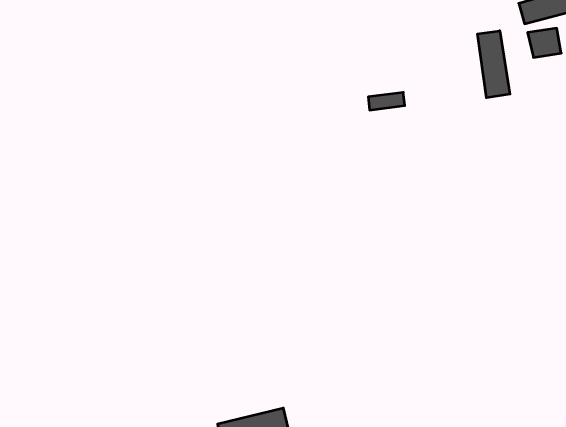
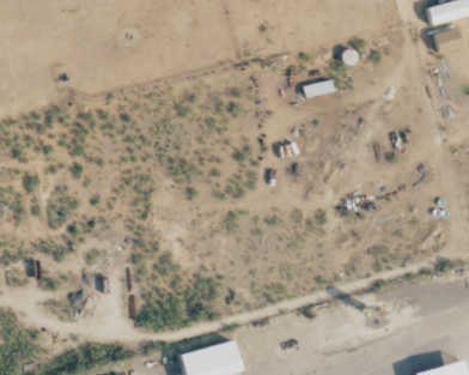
building: [478,31,510,98] -> none

